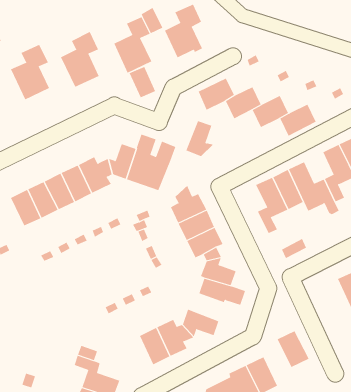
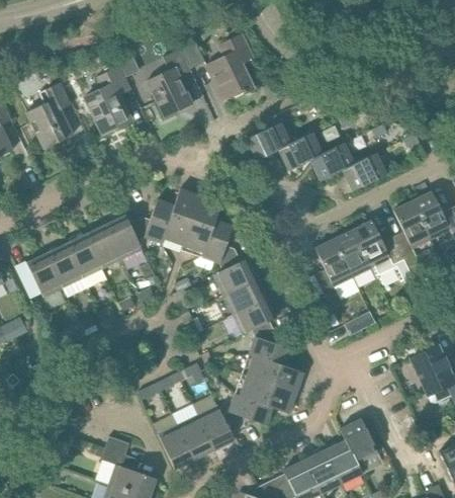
building: [129,66,156,98] -> none
building: [186,120,214,157] -> [201,220,235,262]
building: none -> [241,376,295,413]
building: none -> [158,425,194,469]
building: none -> [325,429,362,484]

